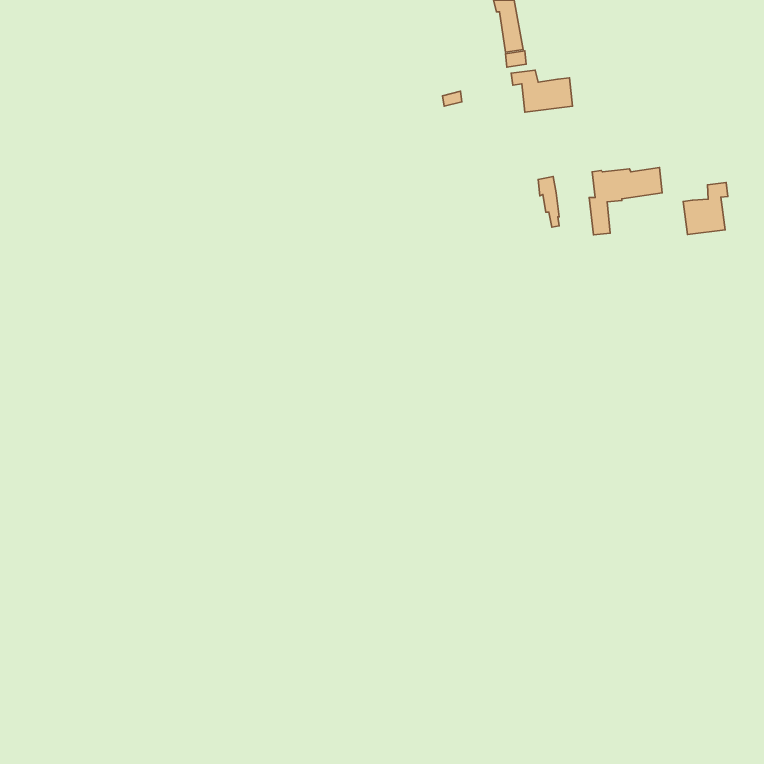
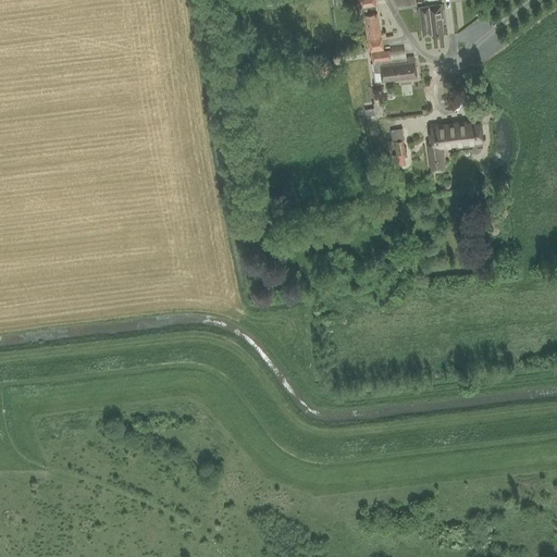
building: none -> [418,4,444,37]
building: [683,183,728,234] -> none

